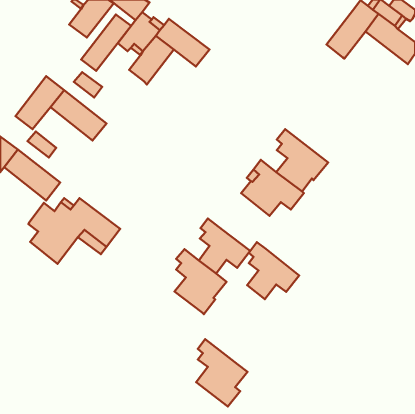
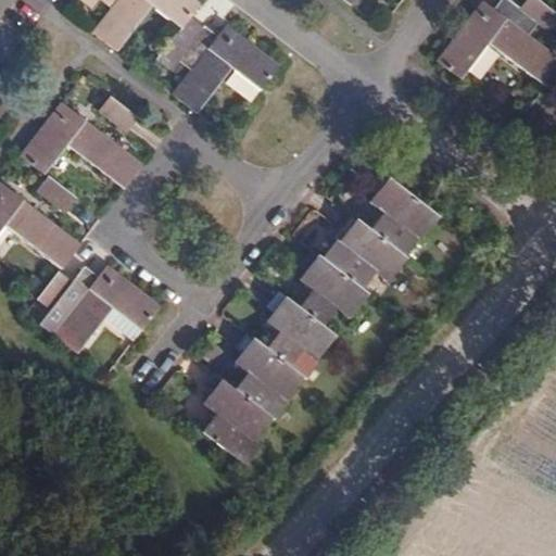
building: [81,14,131,71] -> none
building: [247,242,299,299] -> [298,250,367,326]
building: [196,339,247,407] -> [202,375,270,465]

